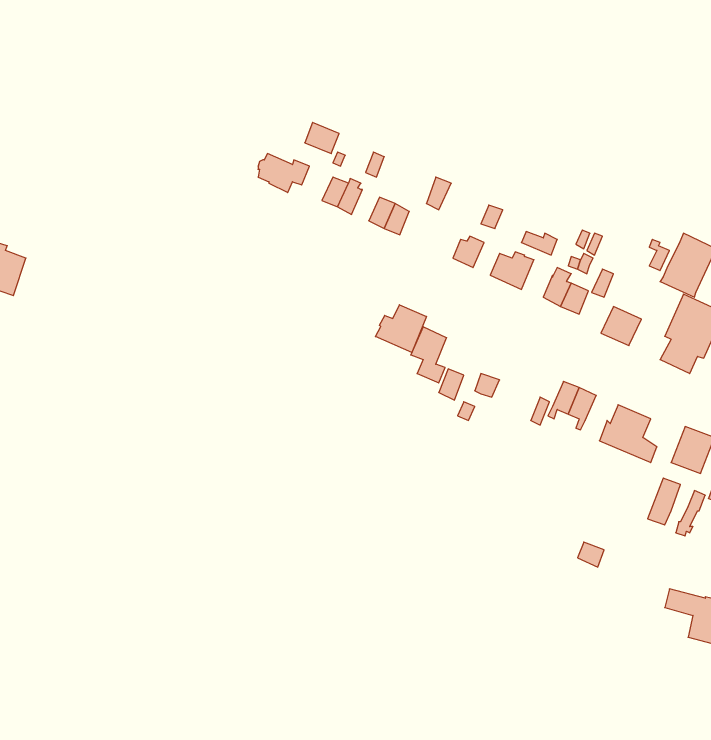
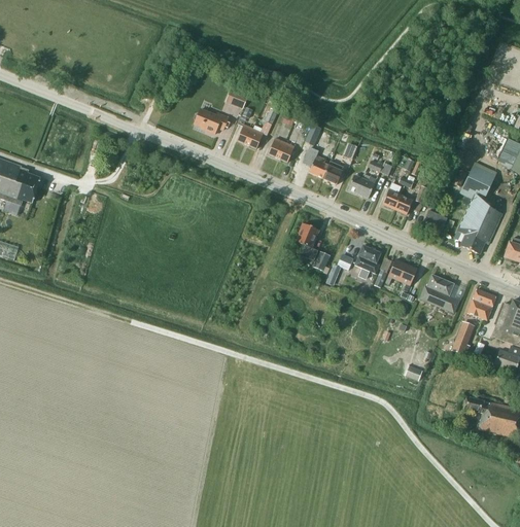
building: none -> [303,146,328,177]
building: [375,305,426,352] -> none
building: none -> [355,244,381,278]

